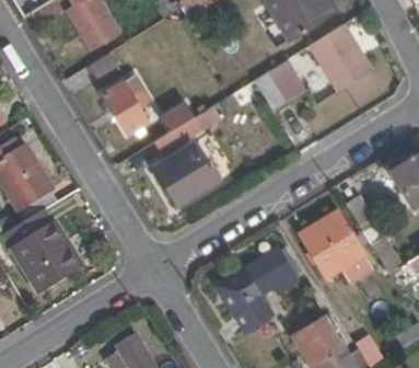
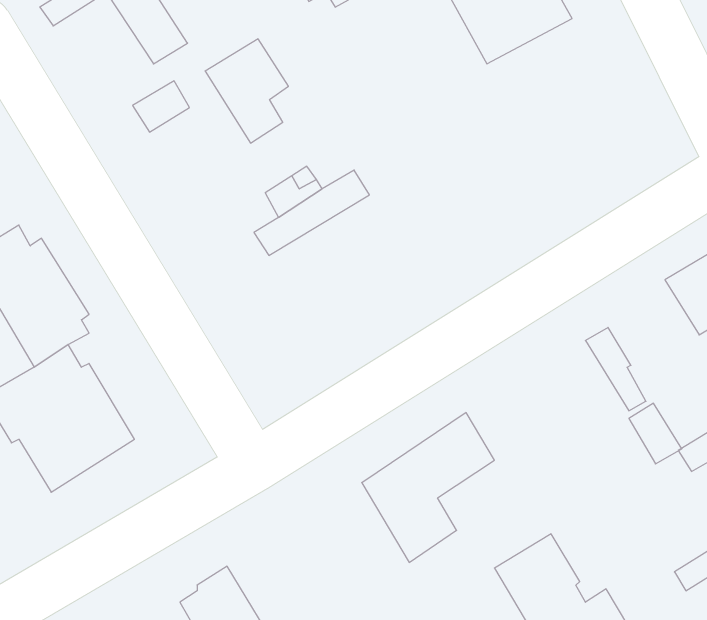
building: [307,22,372,92] -> none
building: [265,58,305,102] -> none
building: [103,74,151,135] -> [205,39,288,143]
building: [155,147,219,205] -> none
building: [302,212,363,277] -> none

